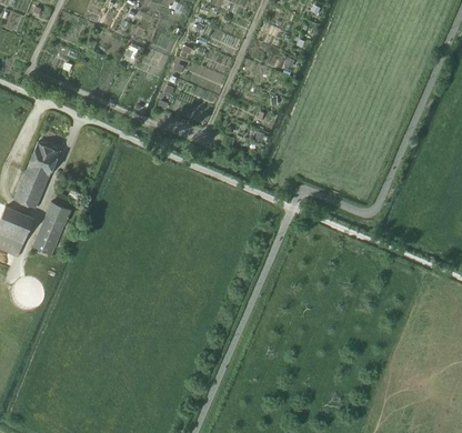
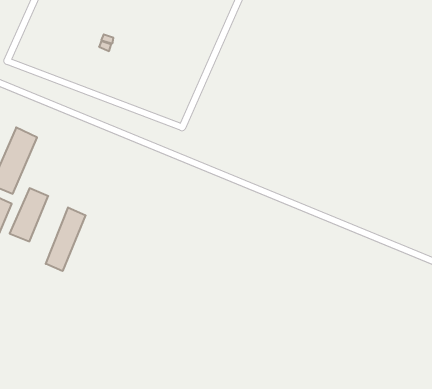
building: none -> [46,207,86,271]

